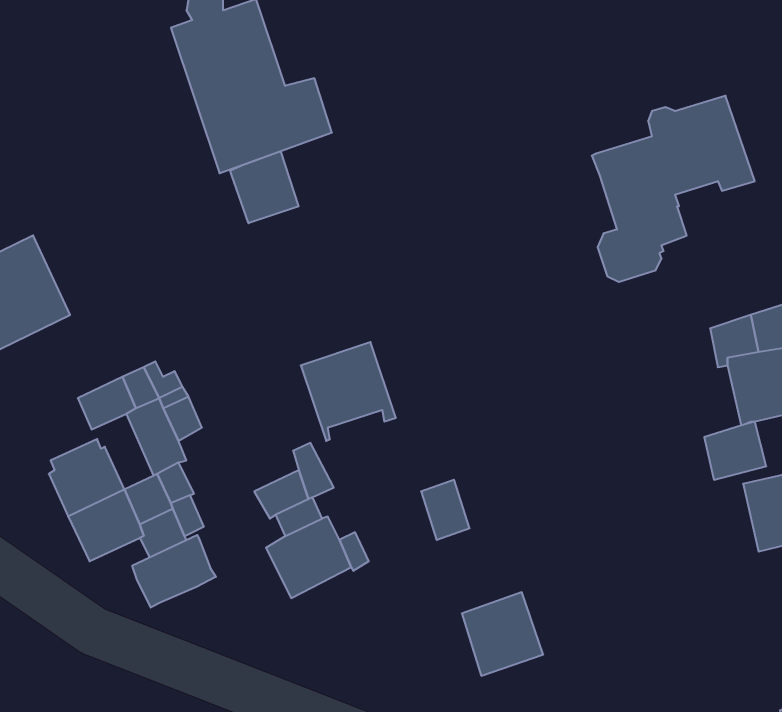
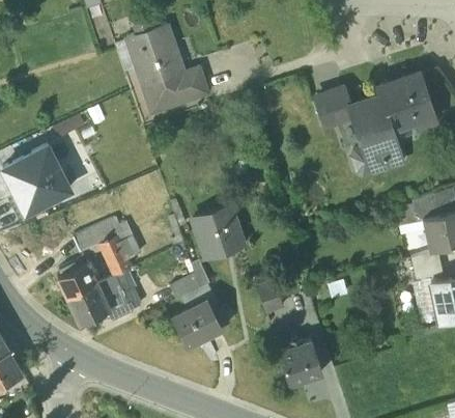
building: none -> [316,90,352,128]
building: [230,151,299,223] -> none
building: [132,535,216,608] -> none

